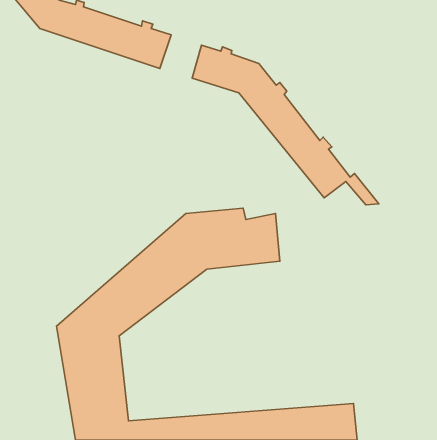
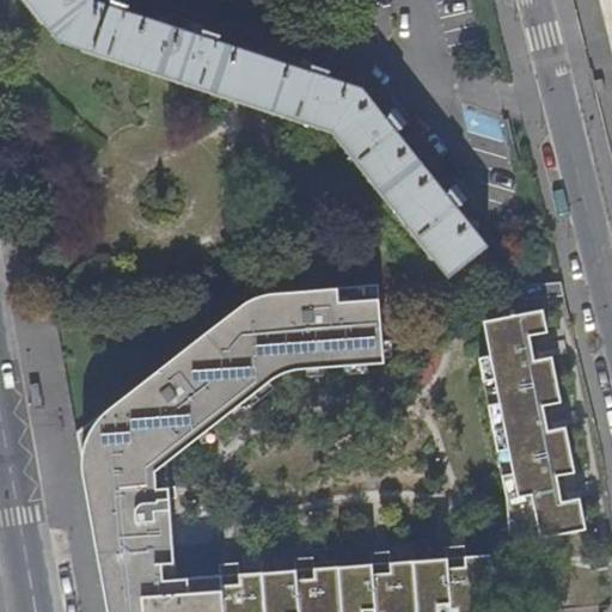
building: none -> [220,48,277,108]
building: none -> [483,308,585,538]

